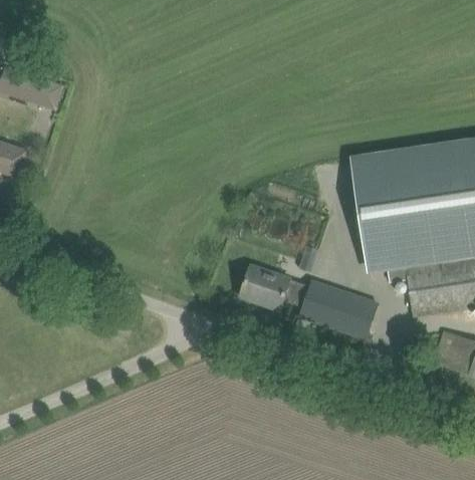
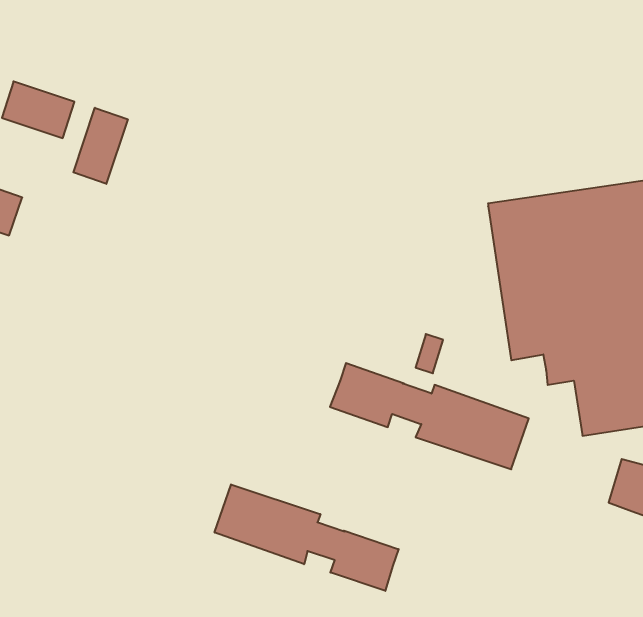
building: none -> [73,108,128,184]
building: none -> [215,484,399,591]

